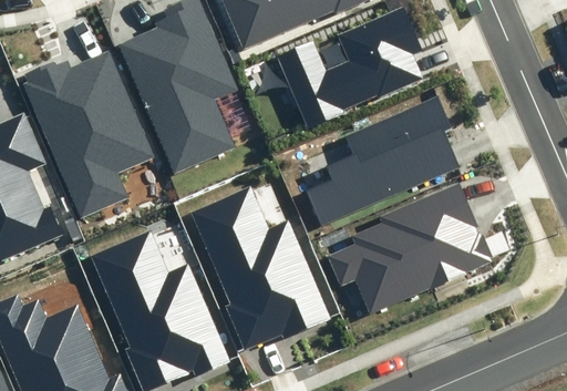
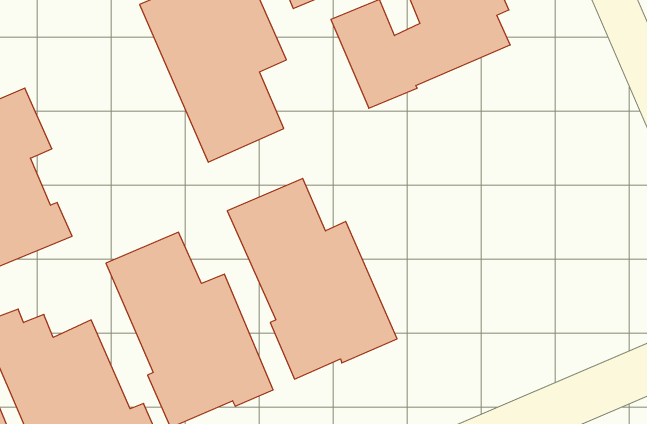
building: [22,52,156,218] -> none
building: [306,95,458,225] -> none
building: [329,183,493,312] -> none

